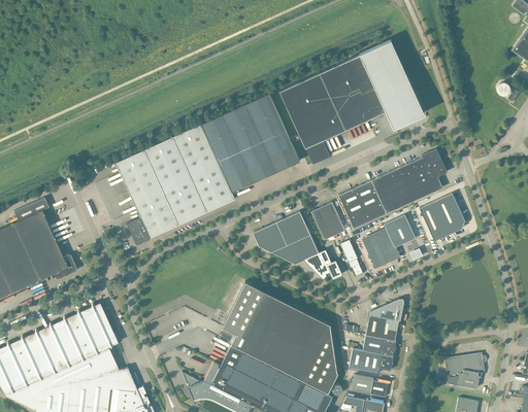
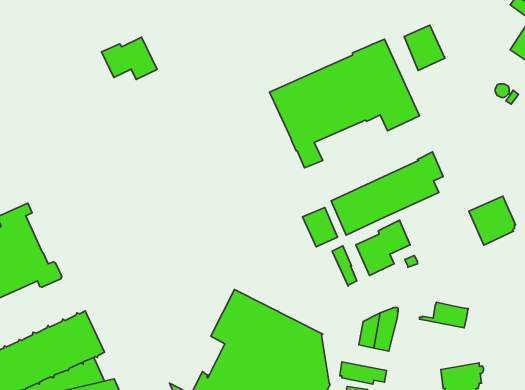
building: none -> [404,25,445,70]
building: none -> [101,37,157,79]
building: [116,94,299,244] -> none
building: [419,194,464,241] -> [469,196,516,245]
building: [253,211,341,278] -> none
building: [349,335,396,359] -> [419,302,468,328]

